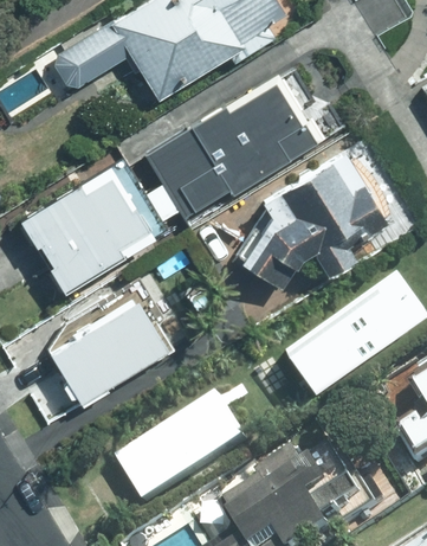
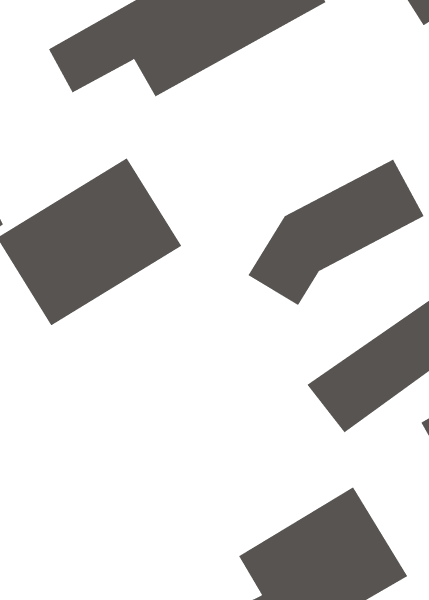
building: [161,68,344,217] -> none
building: [34,289,164,407] -> none
building: [111,384,245,509] -> none

